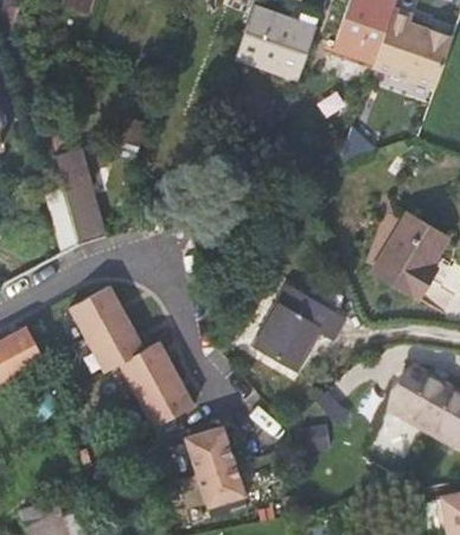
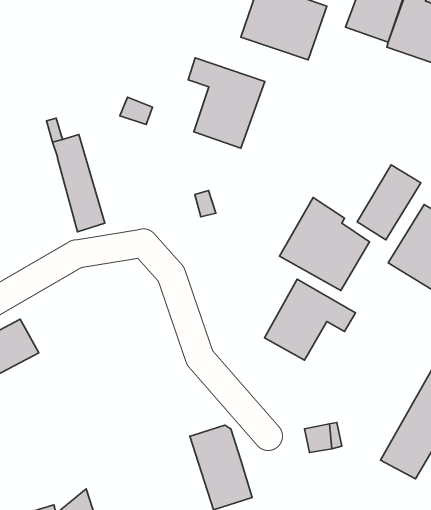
building: none -> [188,58,265,148]
building: none -> [357,165,421,240]
building: none -> [279,198,369,291]
building: [70,284,194,427] -> none

